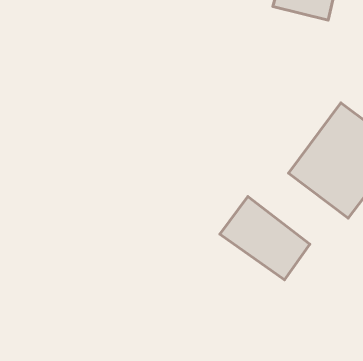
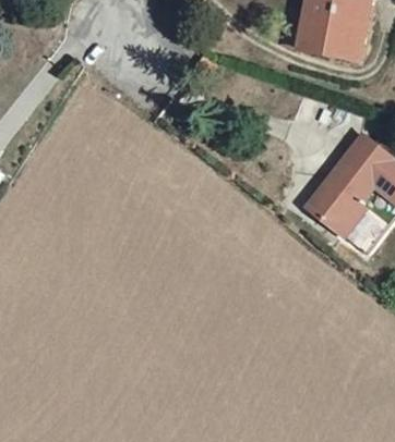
building: [220,196,310,280] -> none

